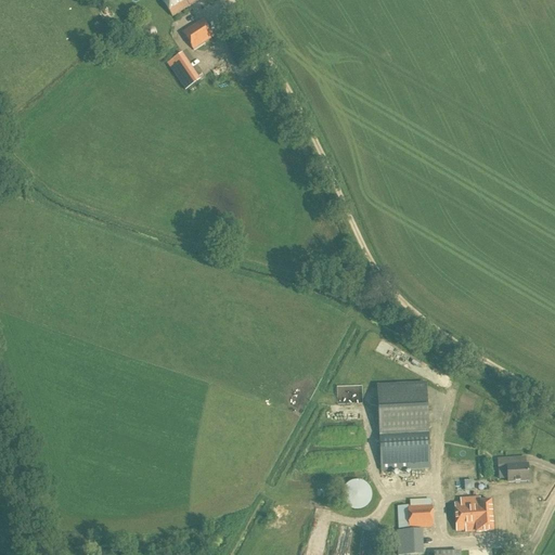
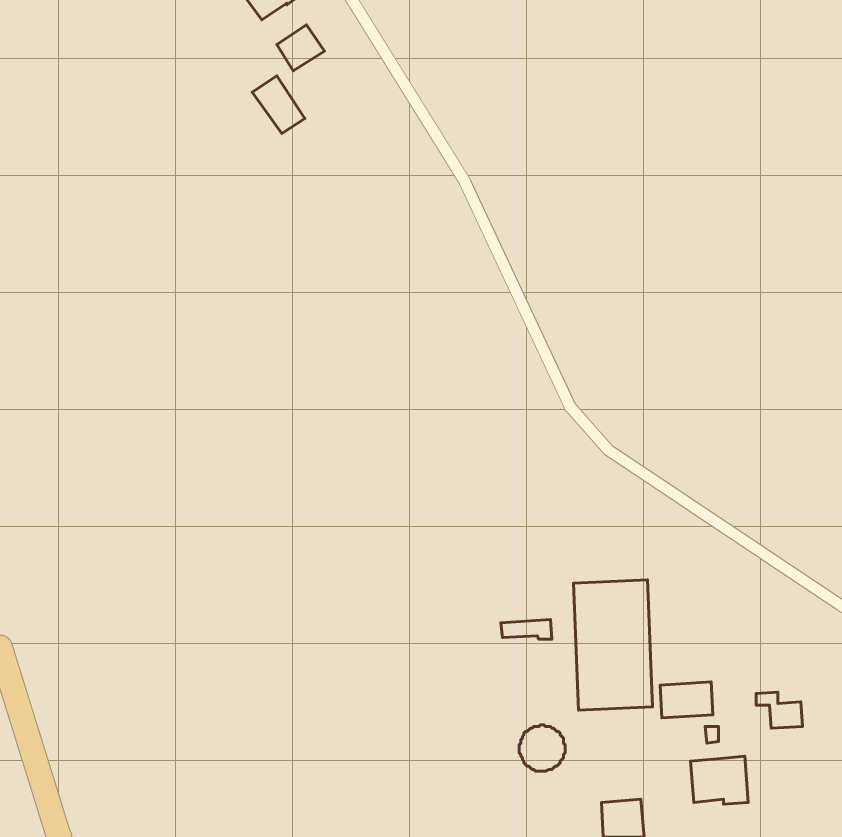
building: [398,502,433,526] -> [660,682,713,718]

